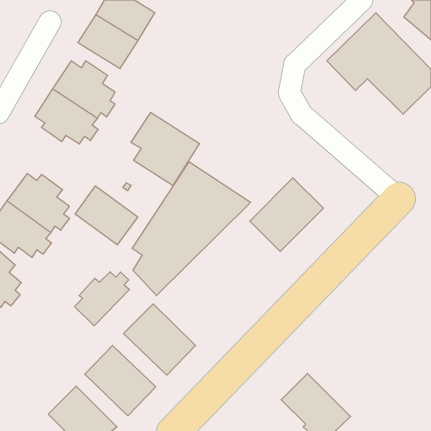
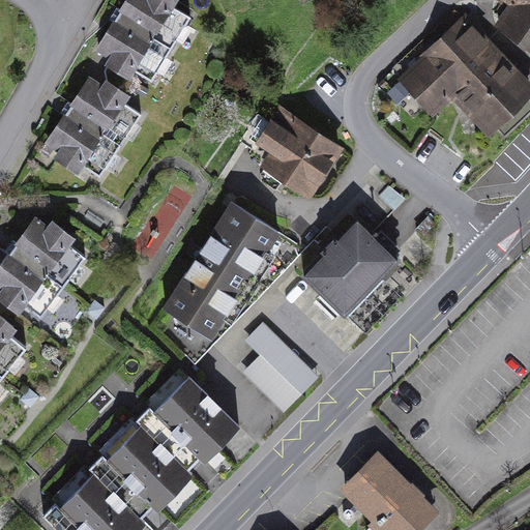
building: [131,113,200,185] -> [256,106,340,195]
building: [75,186,138,245] -> none
building: none -> [241,325,312,409]
building: [75,272,130,326] -> none

